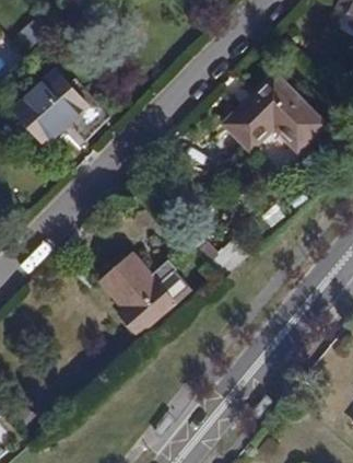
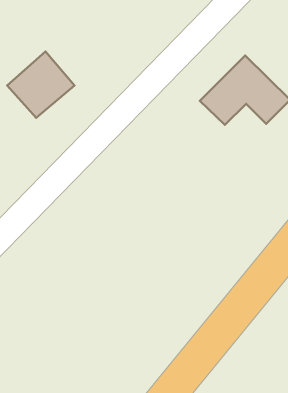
building: [101,255,189,334] -> none

